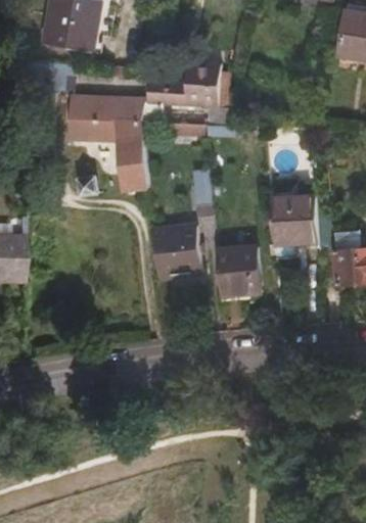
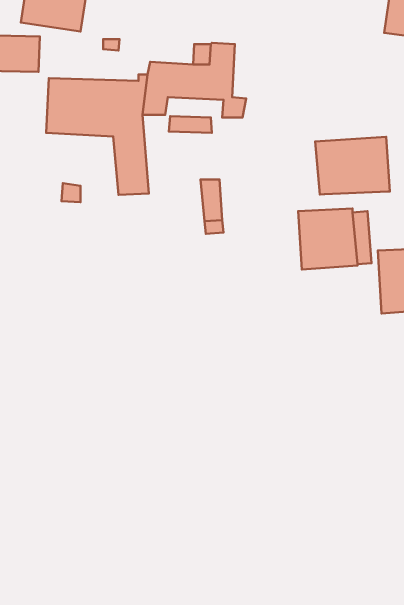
building: none -> [315,137,390,195]
building: [153,227,200,275] -> none
building: [213,244,259,293] -> none

